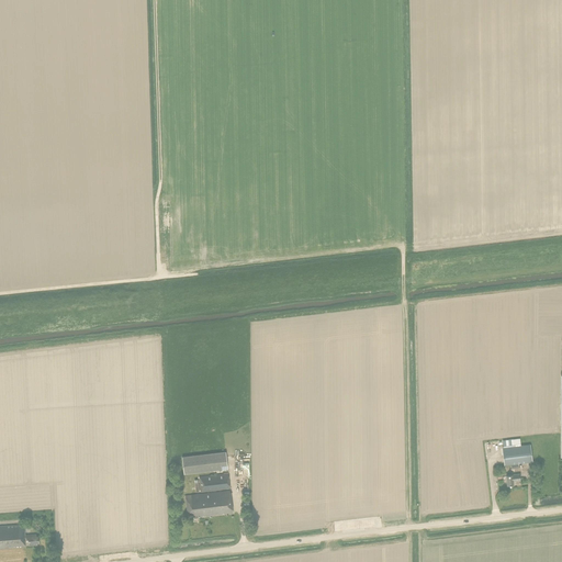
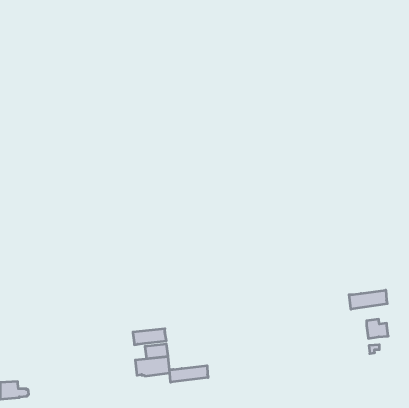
building: none -> [349,290,387,309]
building: none -> [169,366,208,382]

